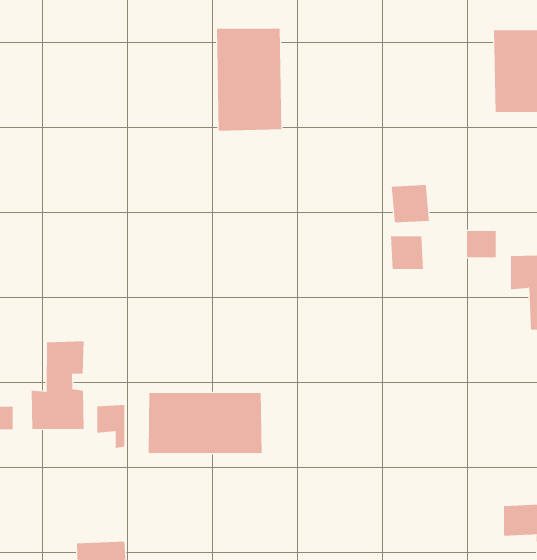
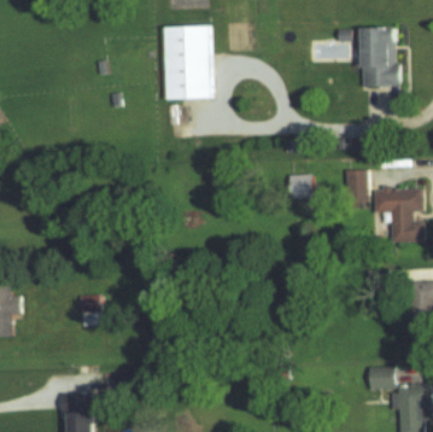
building: [391,184,430,223] -> none
building: [31,340,84,430] -> none
building: [148,392,262,454] -> none

